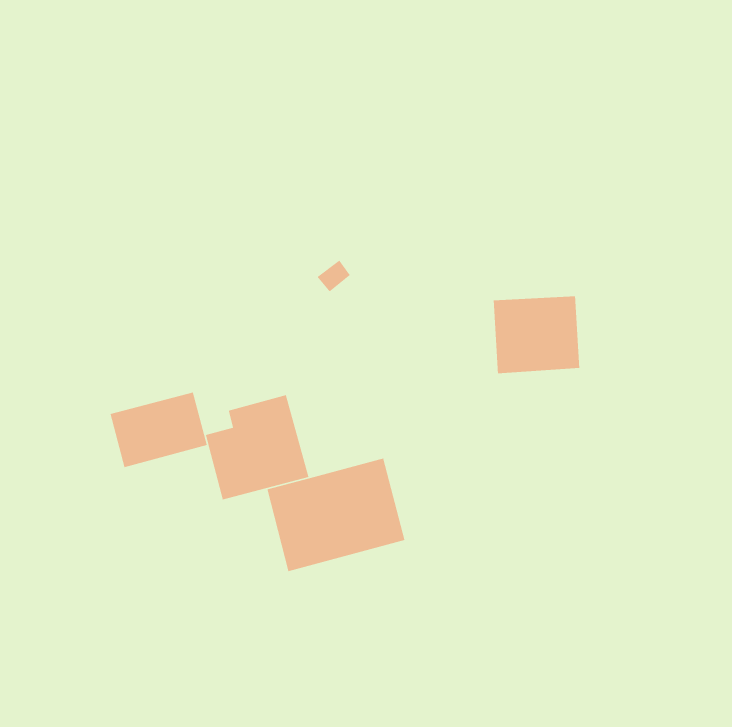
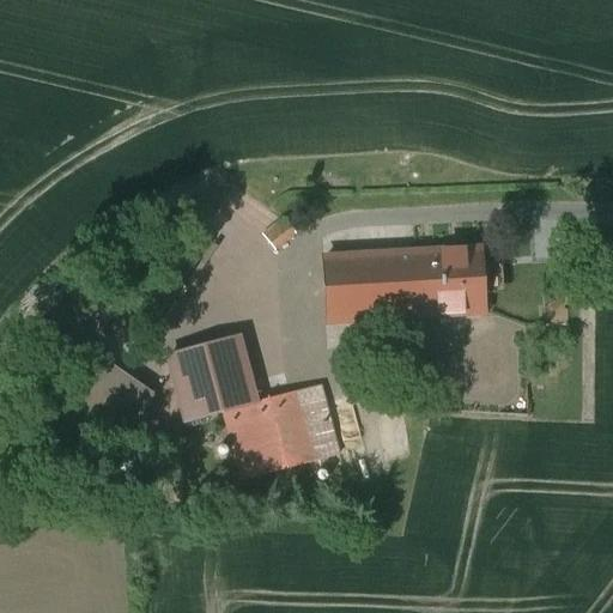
building: none -> [323,250,415,318]
building: [109,392,208,468] -> none

